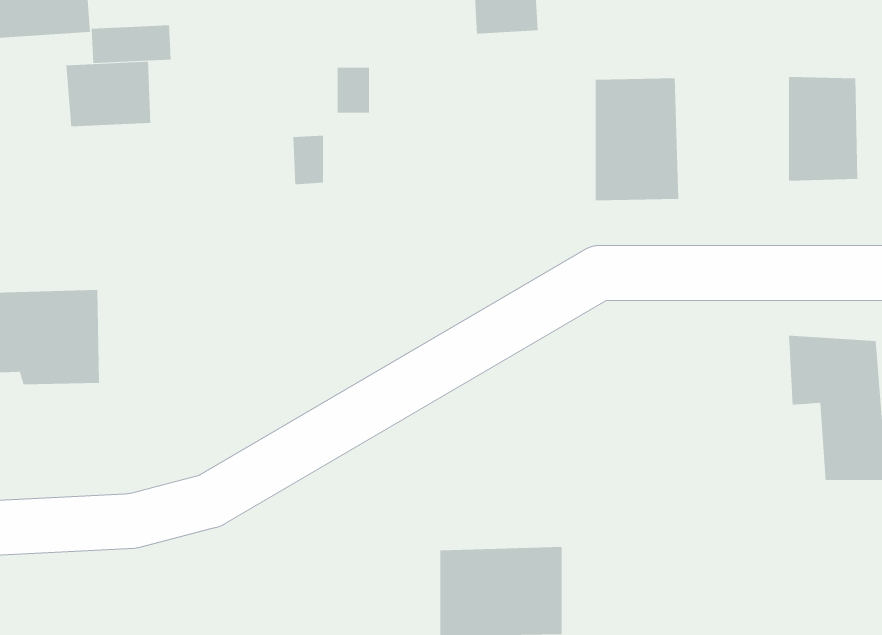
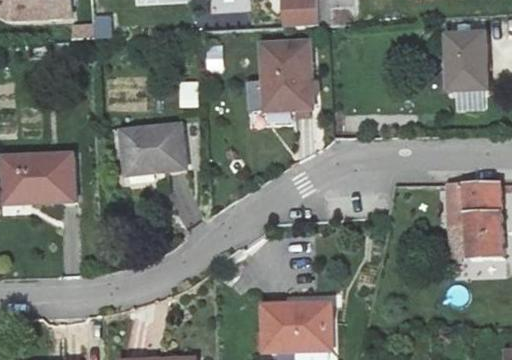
building: [66,61,151,127] -> none
building: [595,78,679,201] -> [261,50,307,117]
building: none -> [125,129,185,178]

